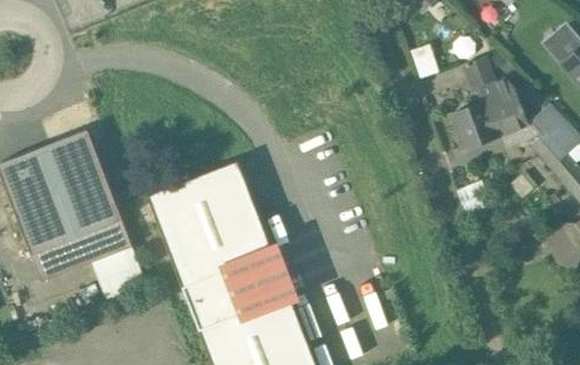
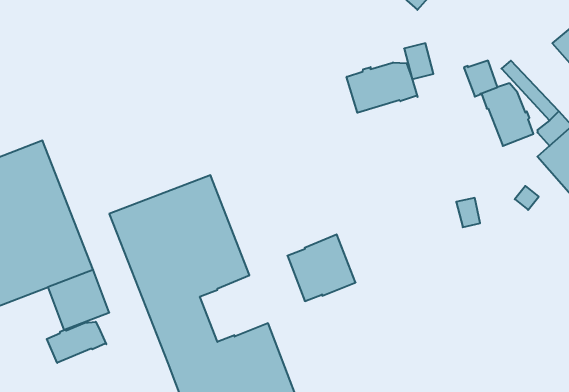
building: none -> [347,62,418,113]
building: [452,101,501,148] -> none
building: [229,251,290,311] -> [287,234,356,301]
building: none -> [47,322,106,363]

